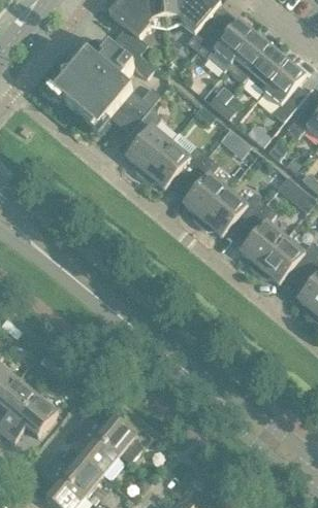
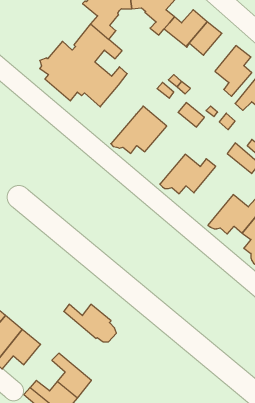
building: [248,45,289,90] -> none
building: [125,106,171,175] -> none
building: [182,155,229,223] -> none
building: [240,202,286,271] -> none
building: [81,413,142,458] -> [64,304,116,342]

